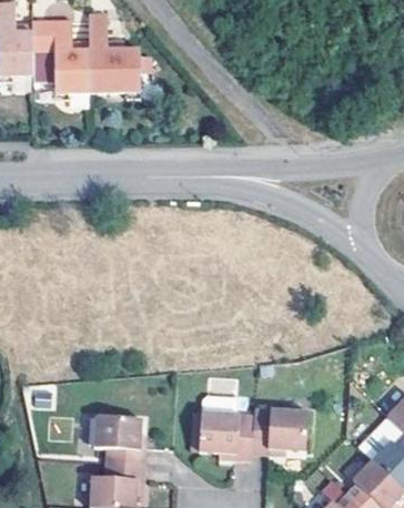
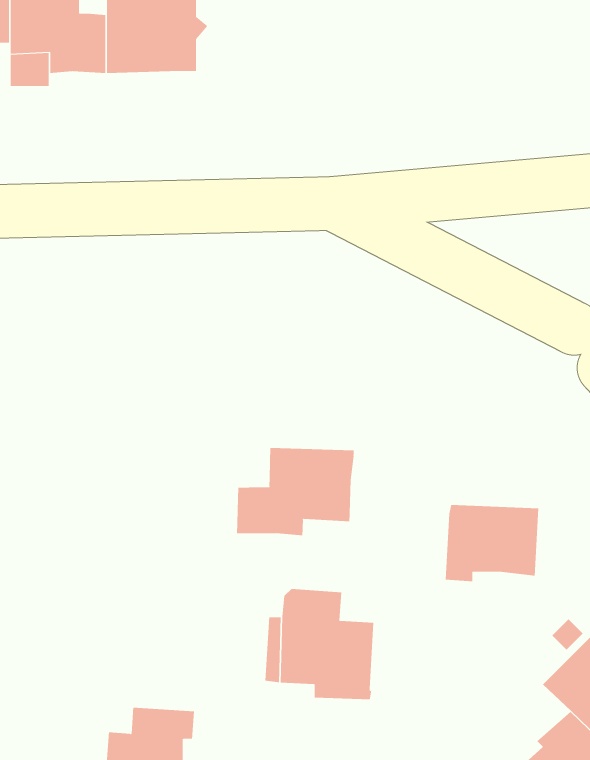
building: none -> [236,447,354,536]
building: [248,408,303,454] -> [445,504,539,582]
building: [94,419,145,466] -> none

